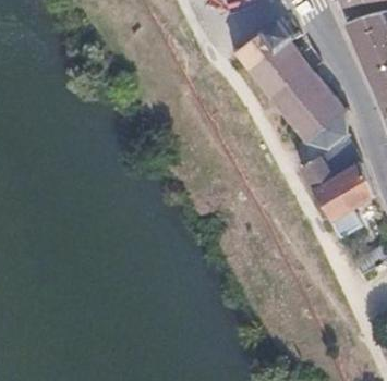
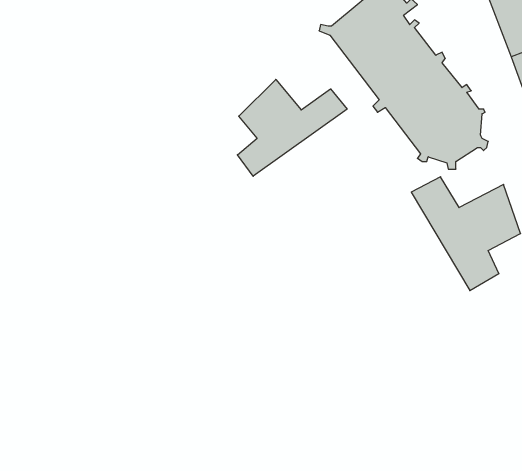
building: none -> [237,79,347,176]

